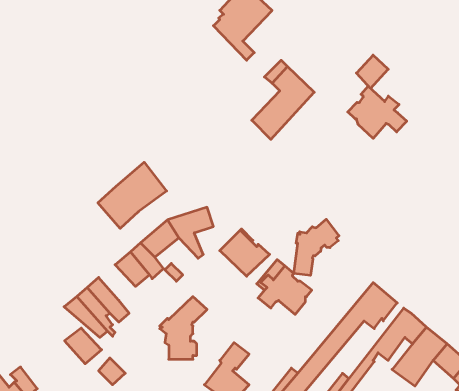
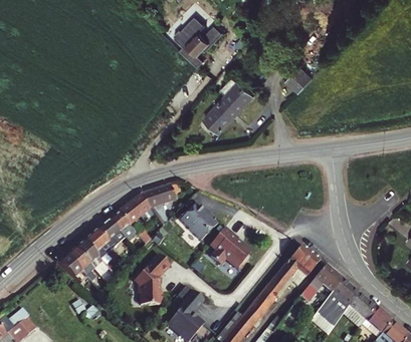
building: [348,86,407,138] -> none
building: [98,162,167,228] -> none
building: [294,219,339,275] -> none
building: [65,328,102,364] -> [84,231,114,259]

